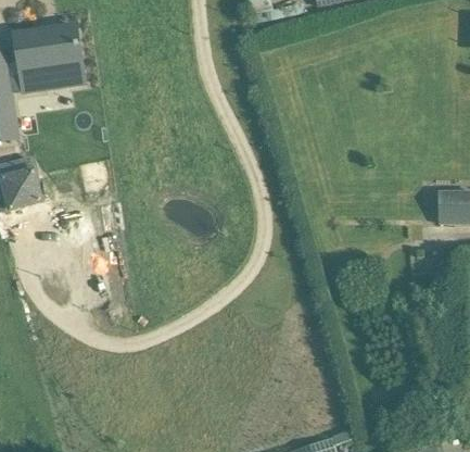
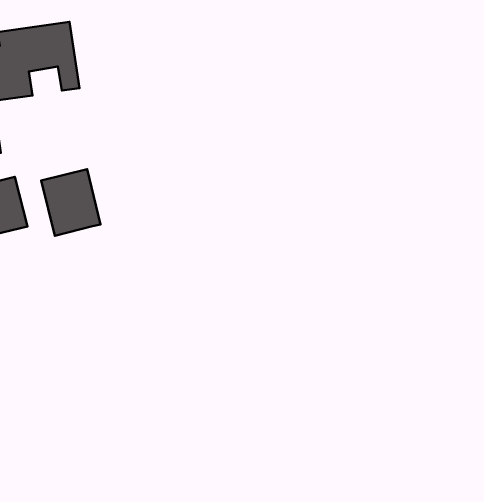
building: none -> [41,169,101,236]

